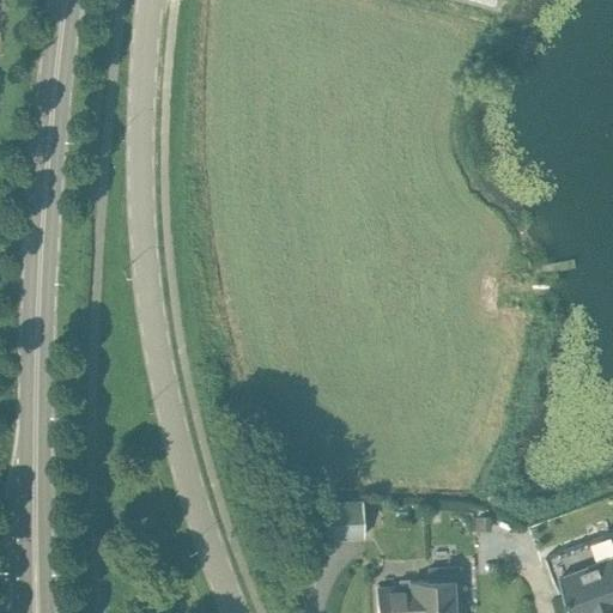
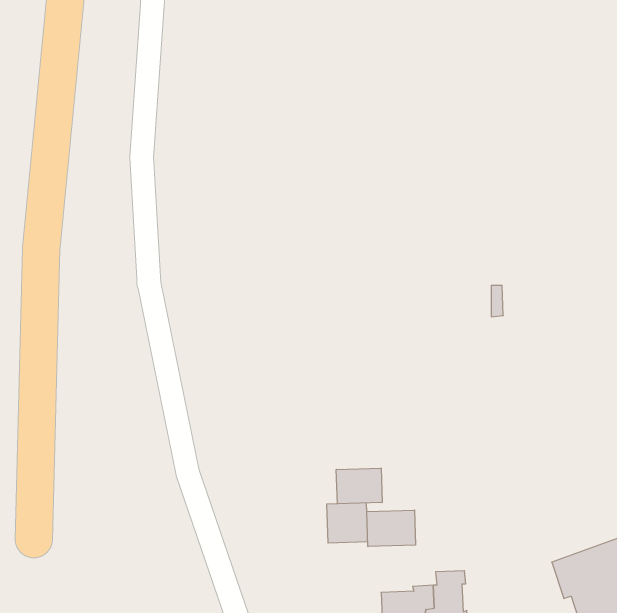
building: none -> [336,468,382,504]
building: none -> [367,510,415,547]

